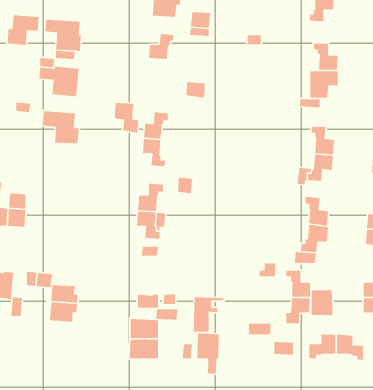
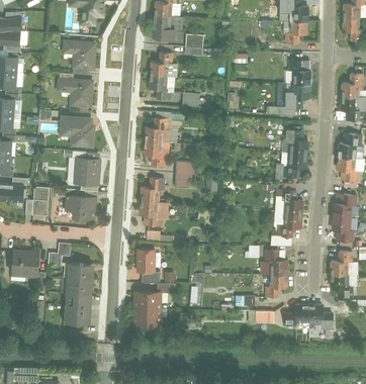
building: [7,15,39,46] -> none
building: [114,102,139,133] -> [150,75,171,101]
building: none -> [76,159,101,186]
building: none -> [67,196,95,220]
building: none -> [138,250,155,273]
building: [311,289,334,316] -> none
building: none -> [63,294,91,324]
building: [196,333,220,374] -> none

